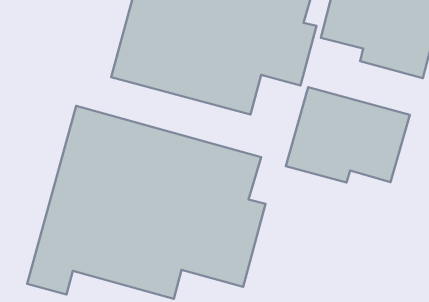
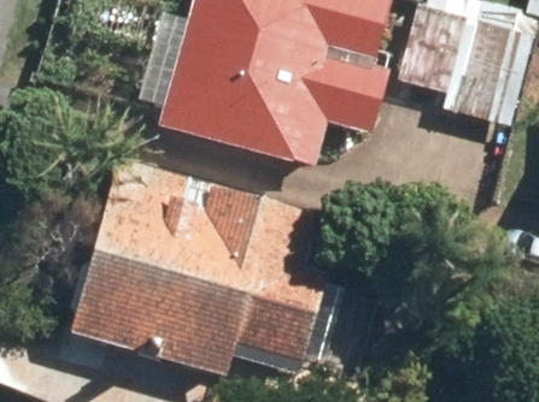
building: [286,87,410,183] -> none

